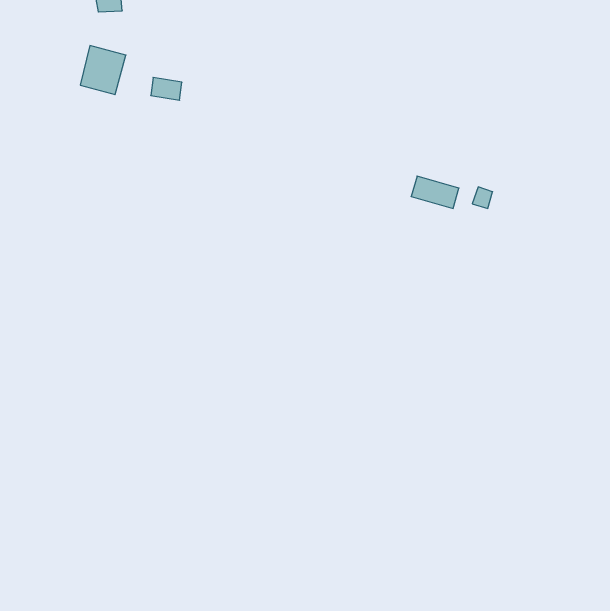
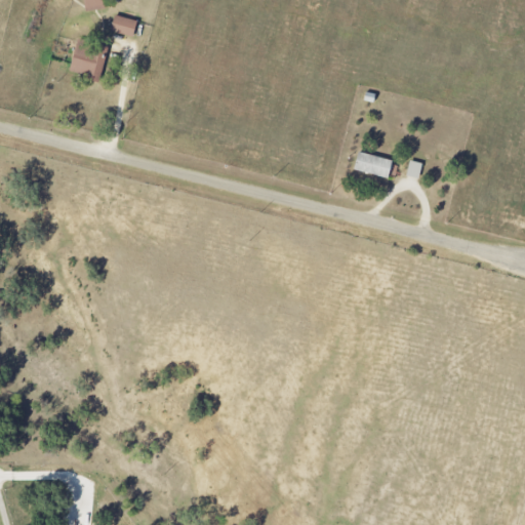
building: [151,77,182,100] -> [110,16,136,36]

